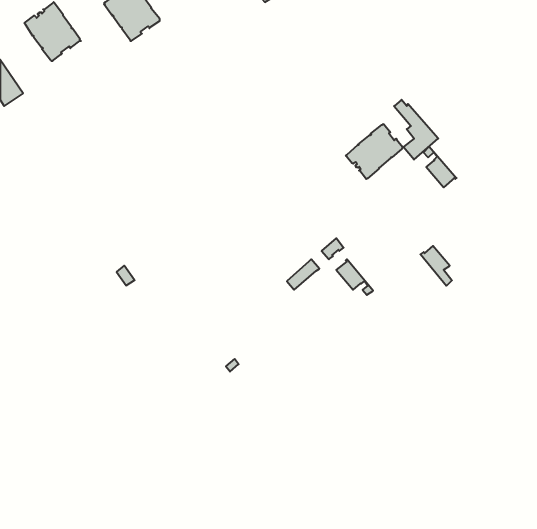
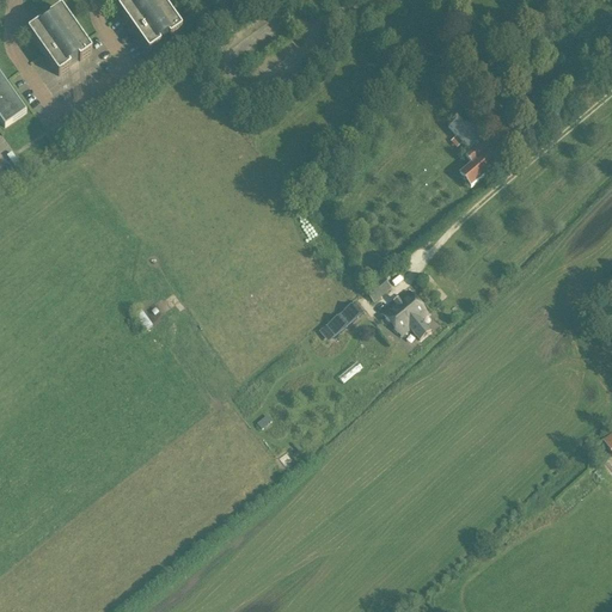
building: [346,124,404,179] -> none
building: [424,146,457,187] -> none
building: [420,246,452,286] -> [394,286,430,331]

